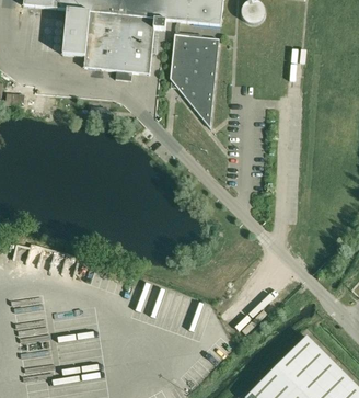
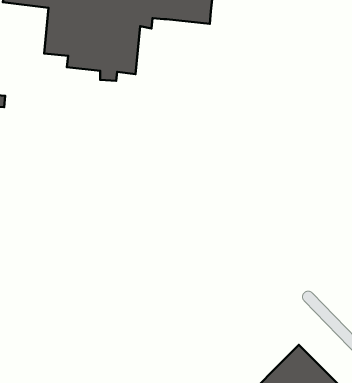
building: [170,33,219,127] -> none

